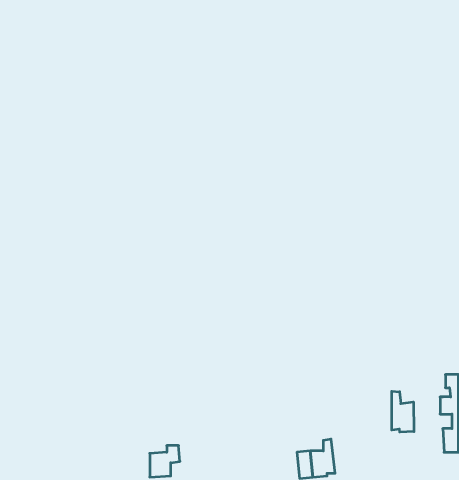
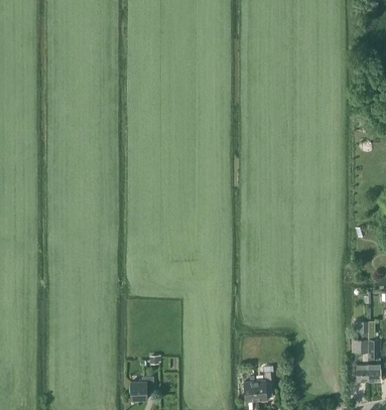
building: [392,391,414,432] -> none

